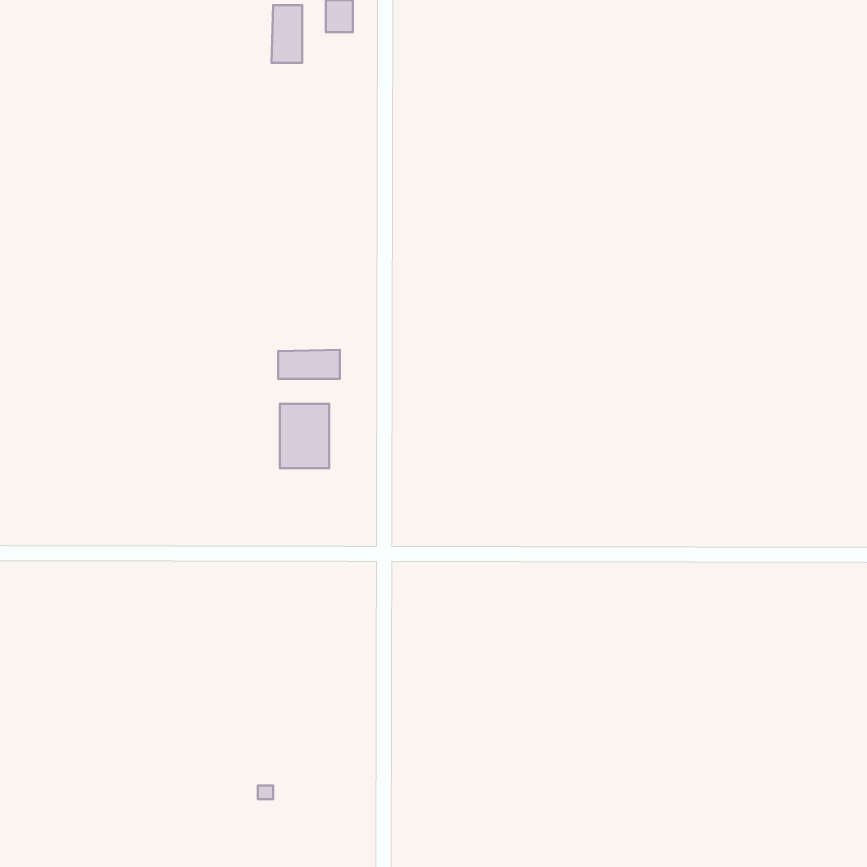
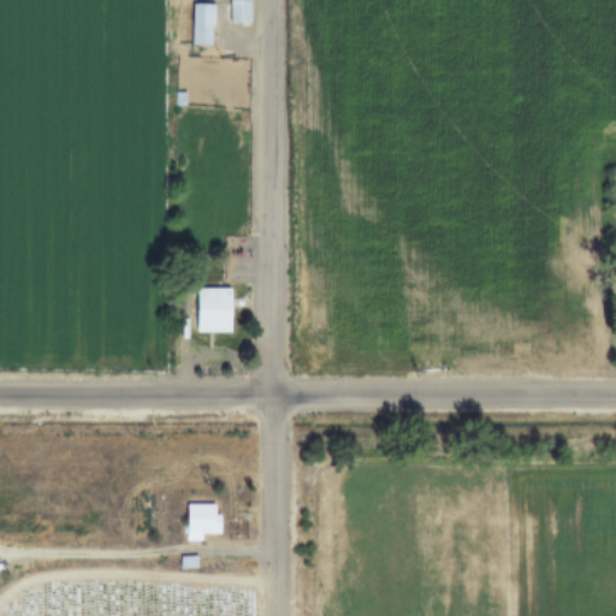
building: [278,350,340,379] -> none
building: none -> [188,503,225,535]

